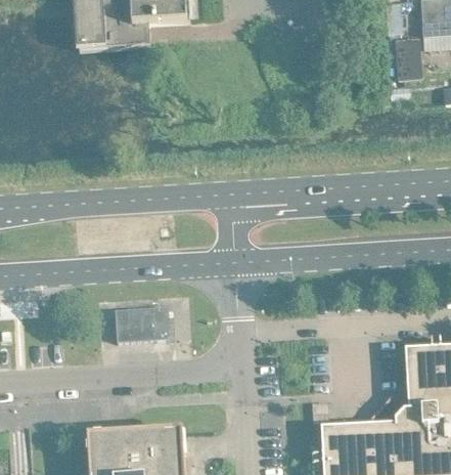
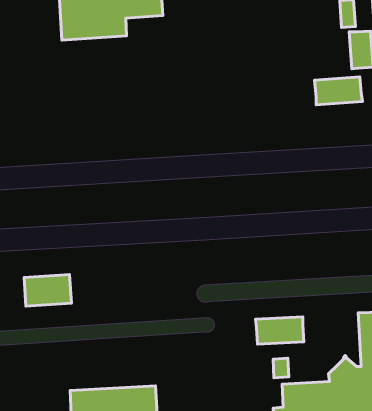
building: none -> [315,77,362,105]
building: [116,308,168,343] -> [24,275,71,306]
building: none -> [255,317,304,344]

